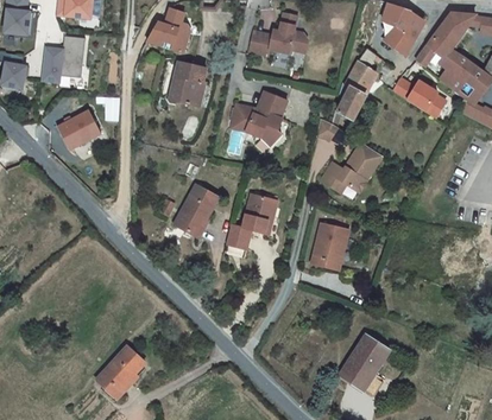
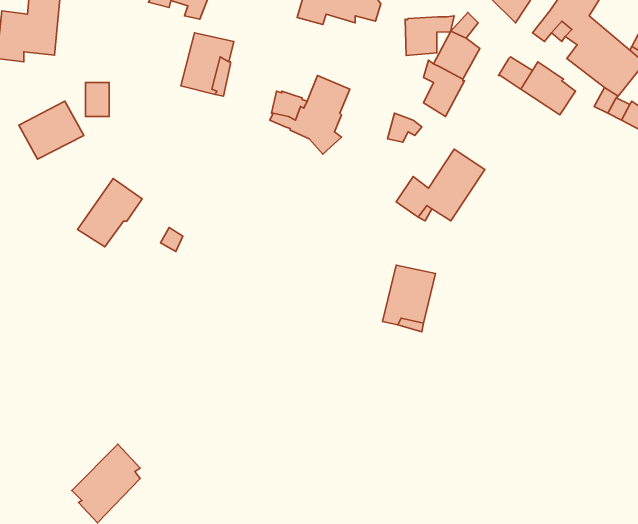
building: none -> [405,16,454,55]
building: [172,186,217,234] -> [77,178,142,247]
building: [226,196,276,252] -> none
building: [340,336,389,390] -> none

